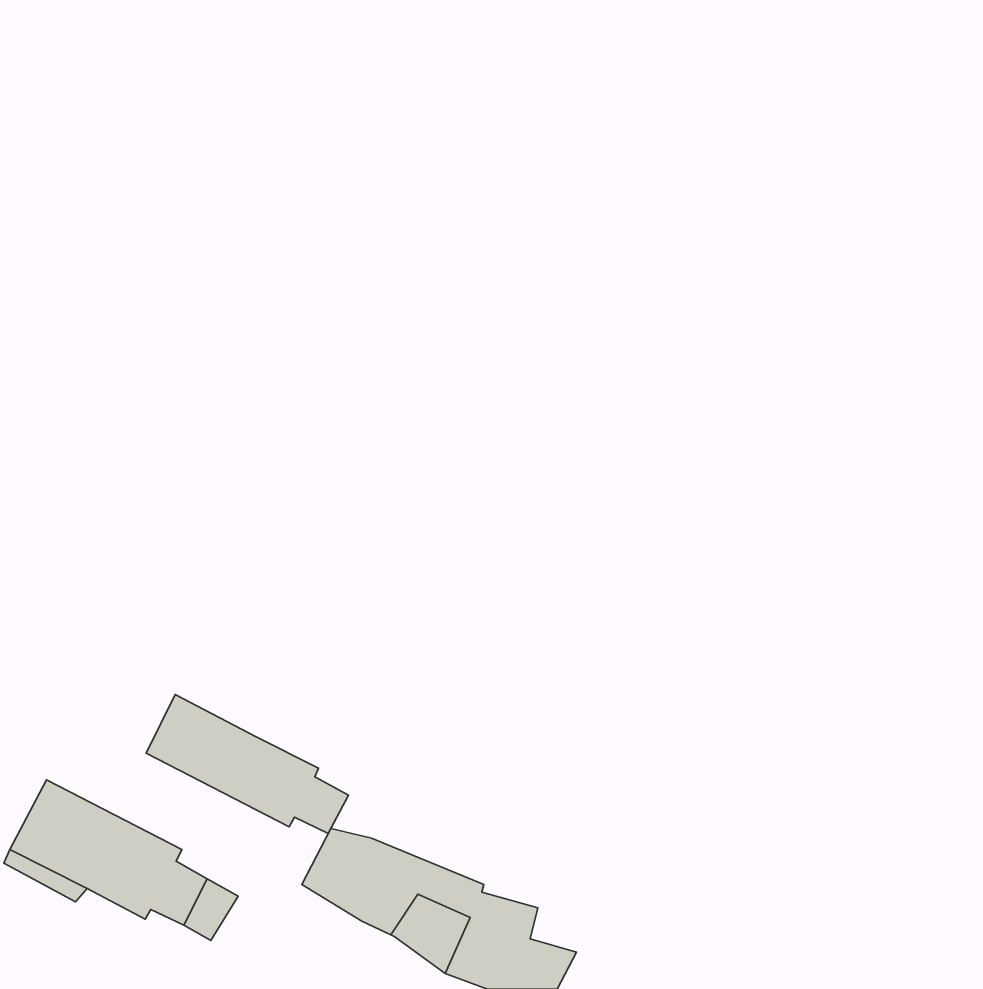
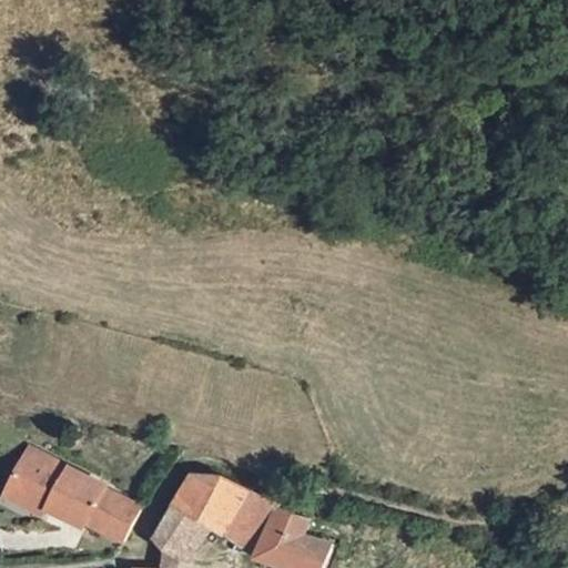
building: [146,694,349,833] -> none
building: none -> [156,507,207,555]

